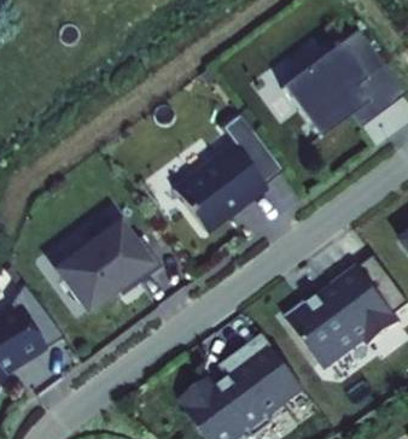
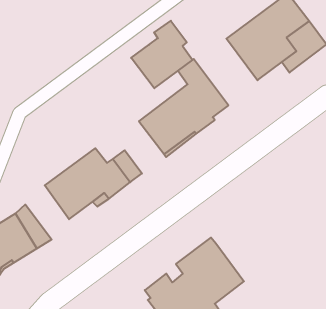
building: none -> [131,21,192,88]
building: [284,263,400,363] -> none

